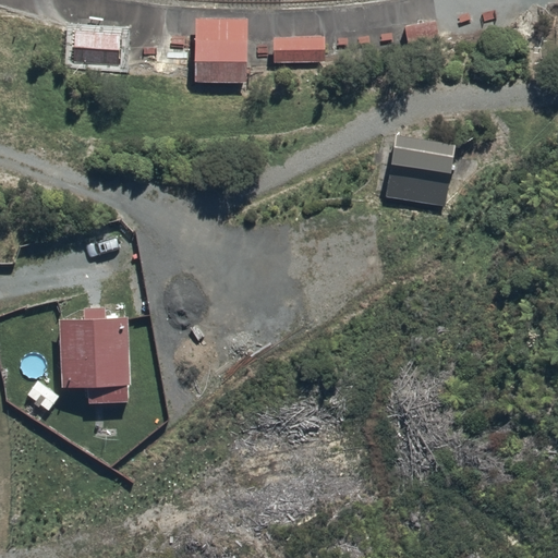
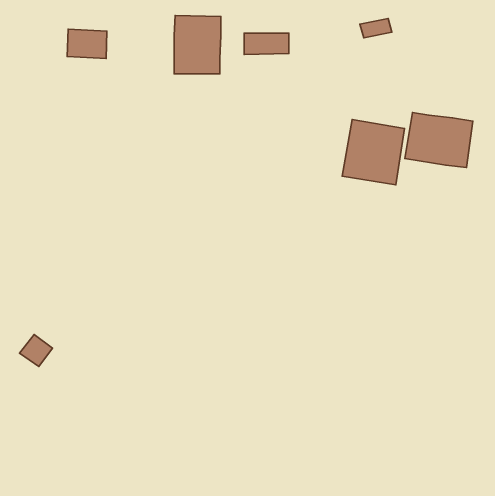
building: none -> [405,112,473,168]
building: [60,317,130,401] -> none

